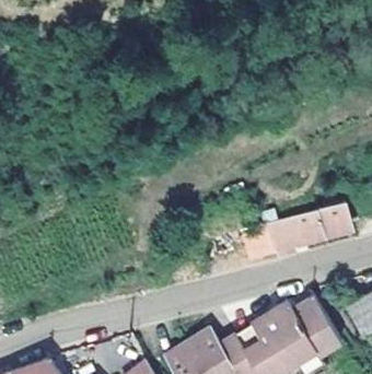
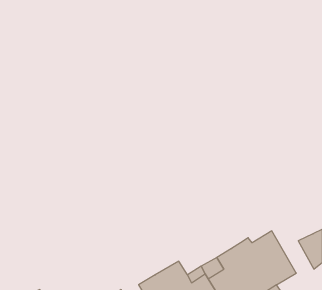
building: [266,209,350,254] -> none

